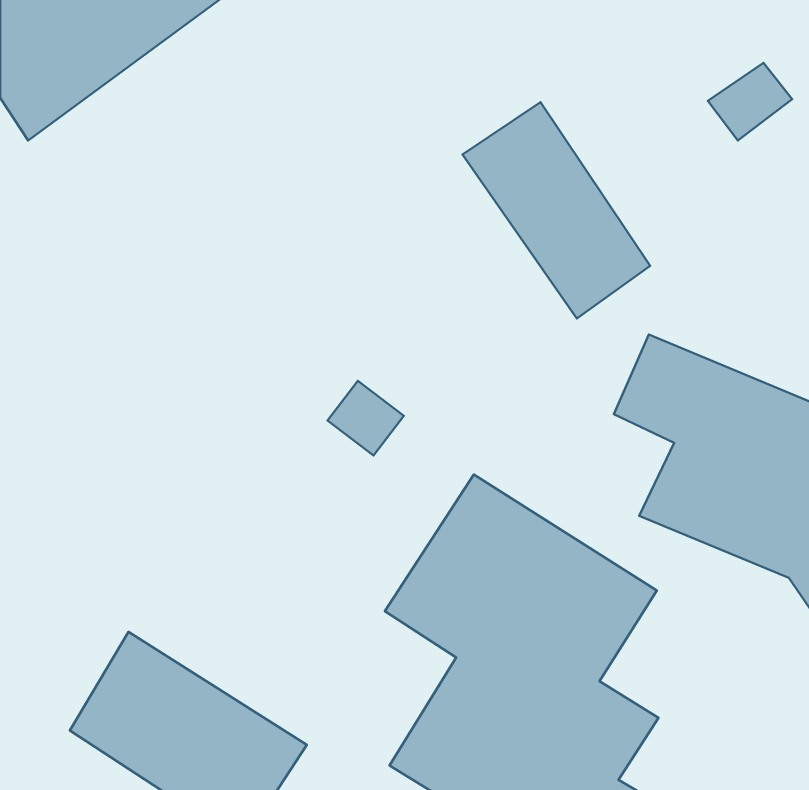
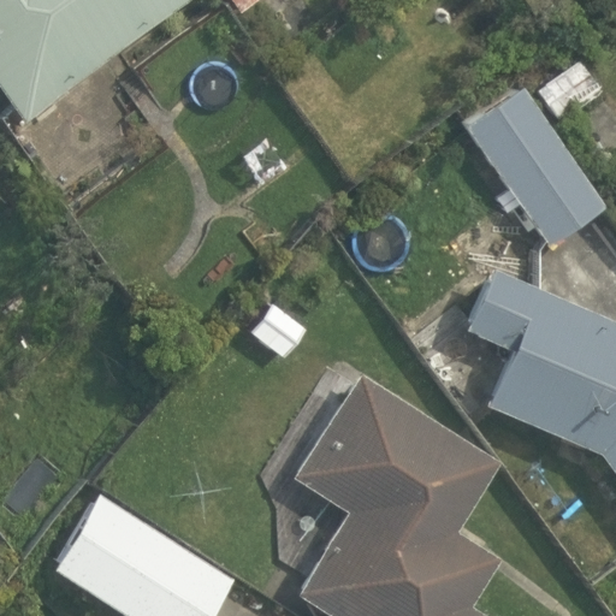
building: [462,102,650,318] -> [463,84,605,248]

